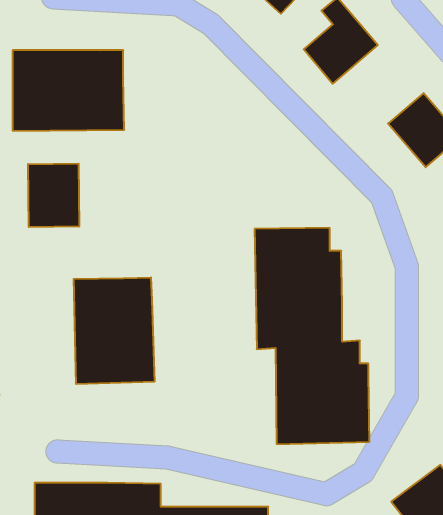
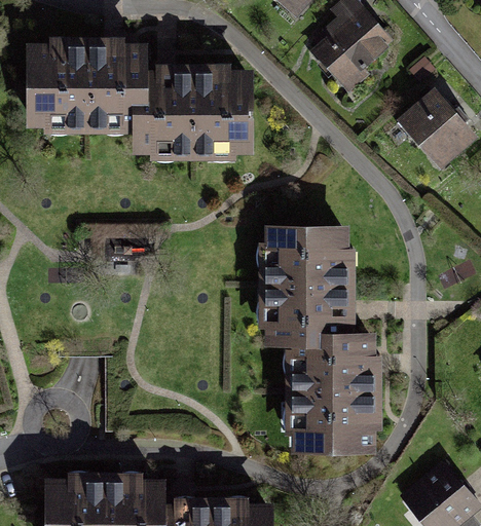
building: none -> [137,79,243,153]
building: [28,164,79,227] -> none
building: [74,277,154,384] -> none

